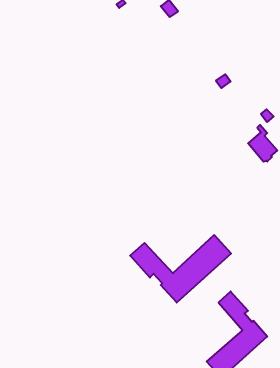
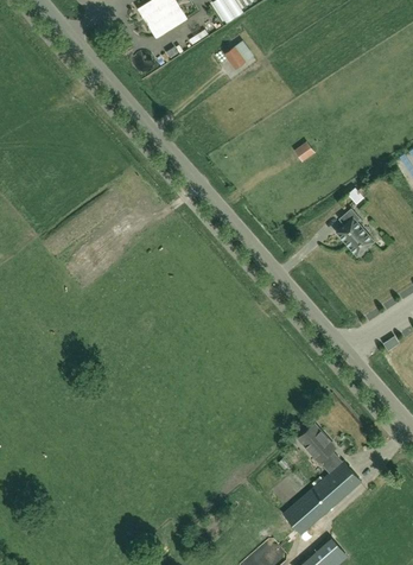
building: [130,235,231,303] -> none

